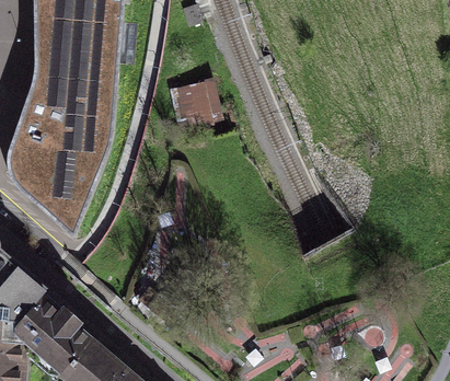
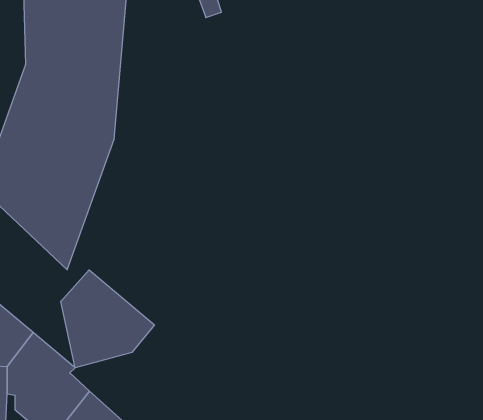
building: [173,80,220,122] -> none
building: none -> [61,270,154,368]

